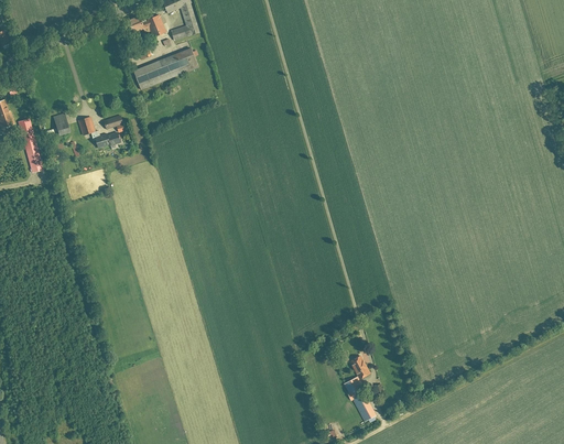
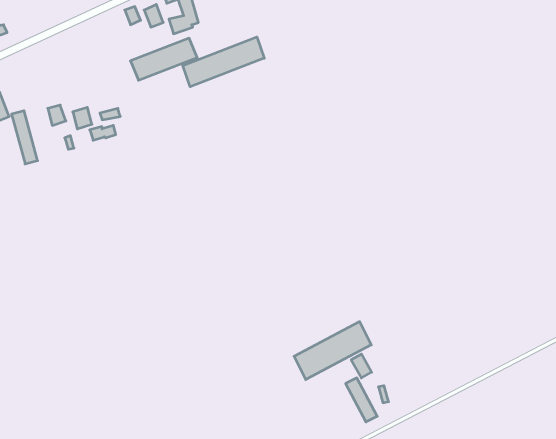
building: none -> [183,37,264,87]
building: none -> [294,322,371,380]

